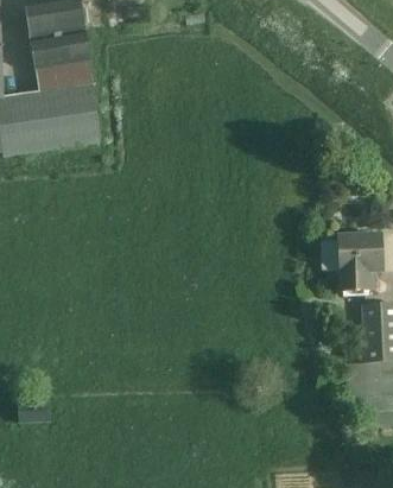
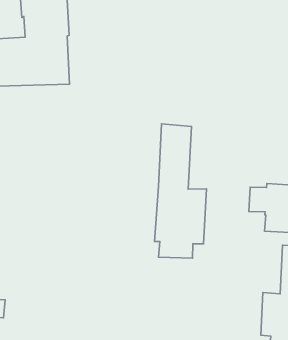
building: none -> [154,124,206,258]

